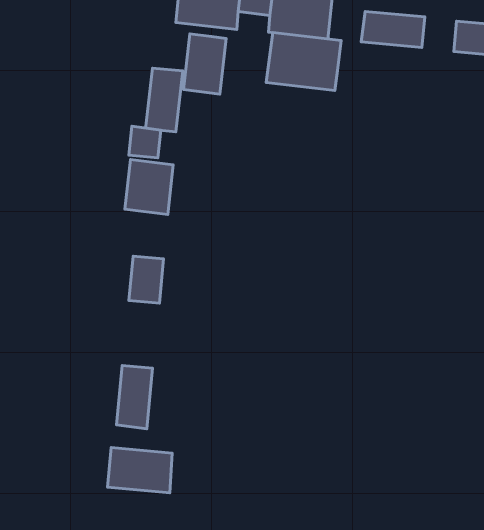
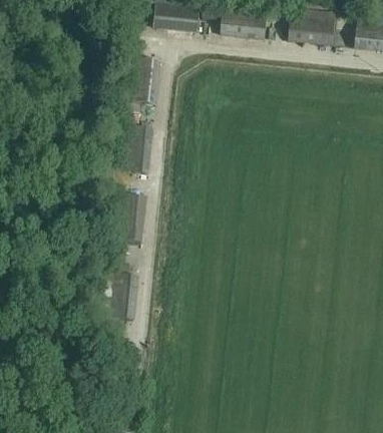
building: [266,33,341,90] -> none
building: [184,34,226,94] -> none
building: [107,448,172,493] -> none

